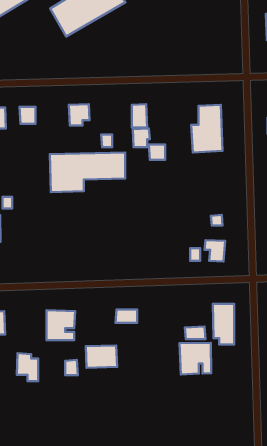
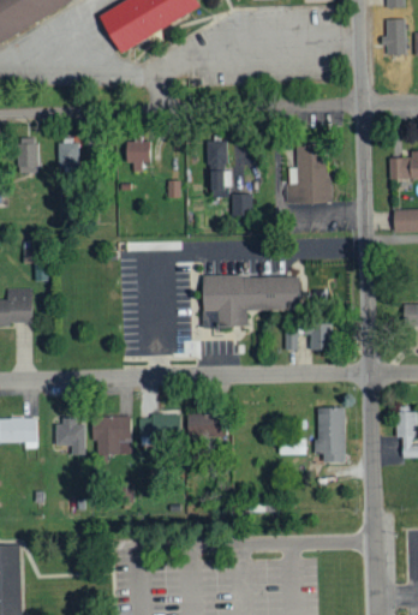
building: [50,152,125,192] -> [202,273,303,326]
building: [180,343,211,375] -> none
building: [86,345,117,368] -> [139,412,181,442]
building: [17,353,38,381] -> [56,417,85,454]

